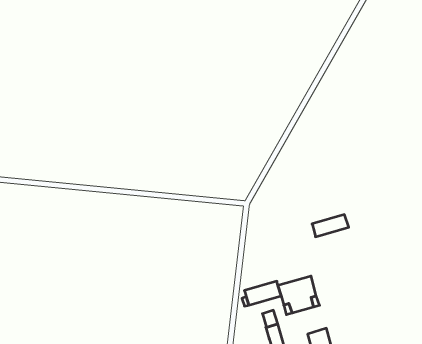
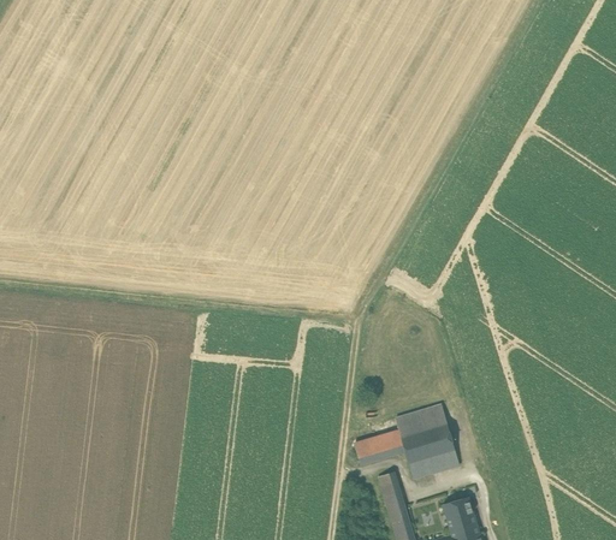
building: [312,215,349,237] -> [396,405,448,437]

